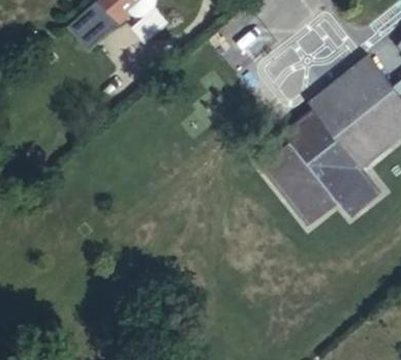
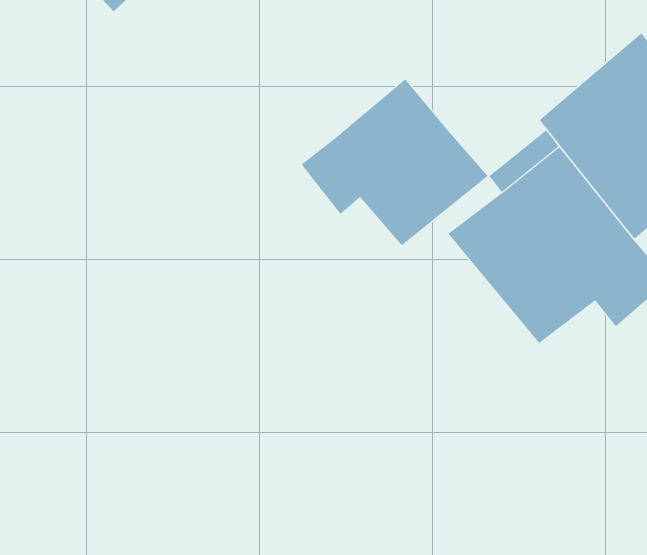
building: none -> [301,78,489,246]

